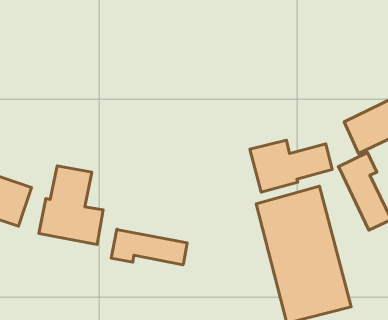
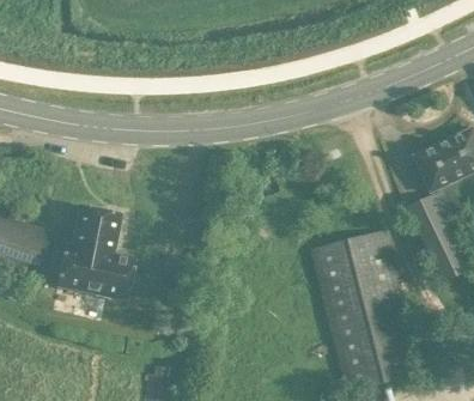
building: [250,140,332,192] -> none
building: [111,229,187,265] -> none

